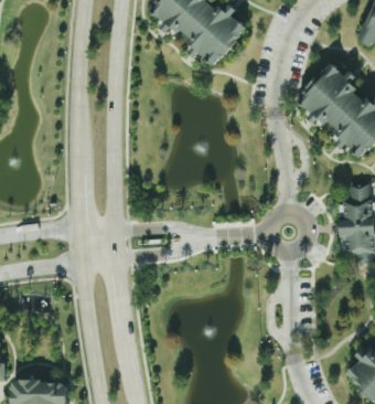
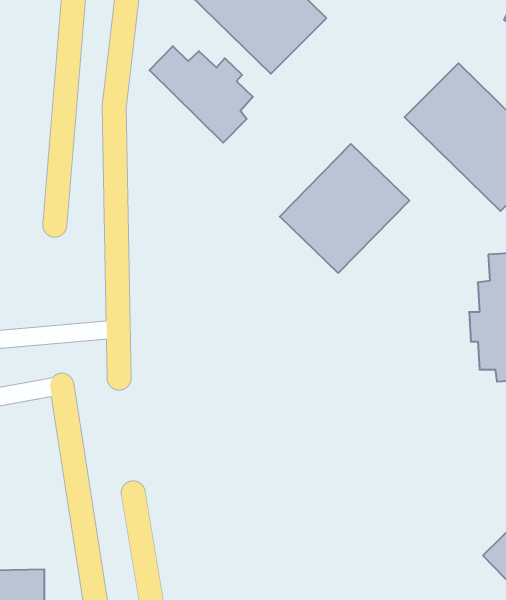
building: none -> [149,46,253,143]
building: none -> [280,144,409,273]

